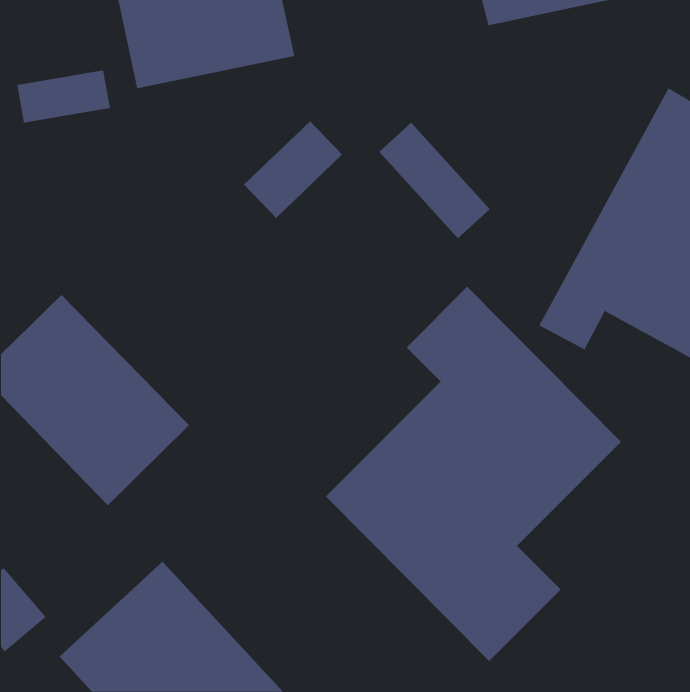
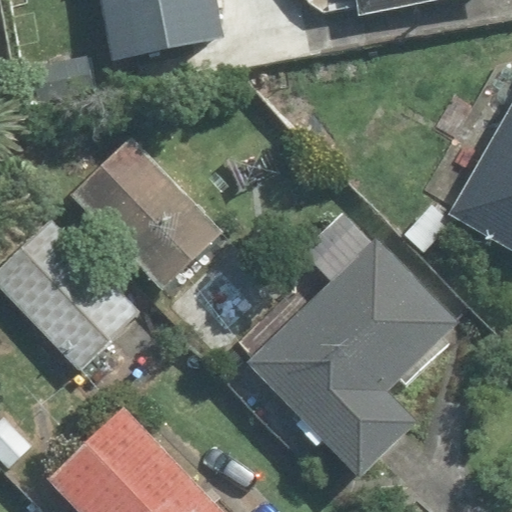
building: none -> [69,135,225,293]

